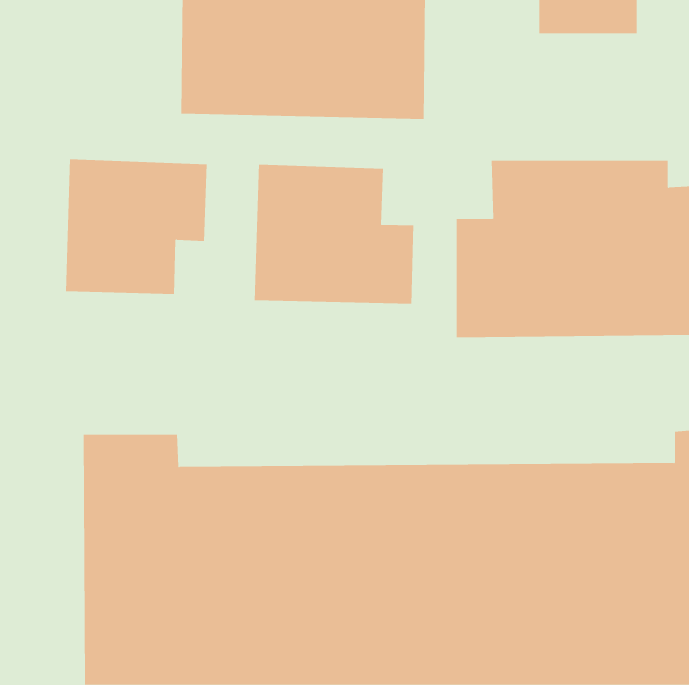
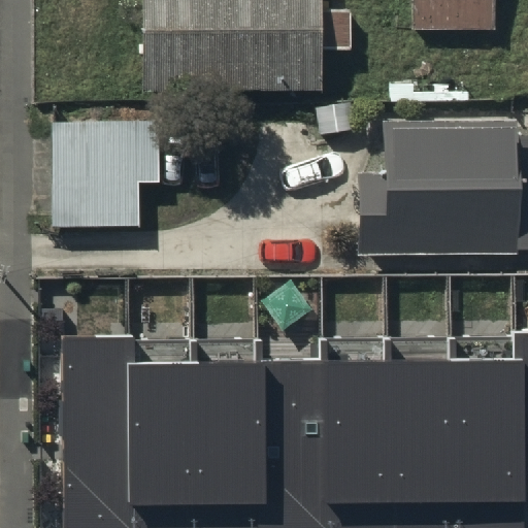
building: [254,164,414,304] -> none

